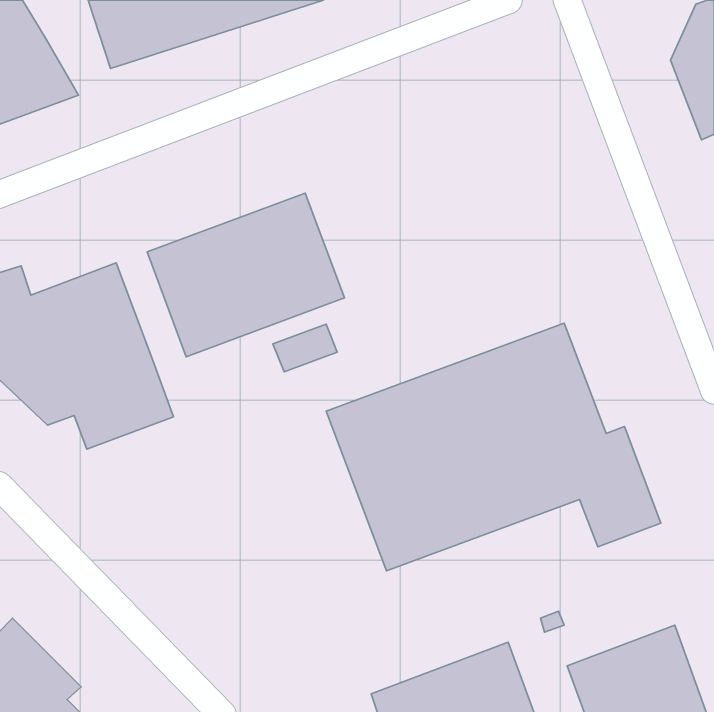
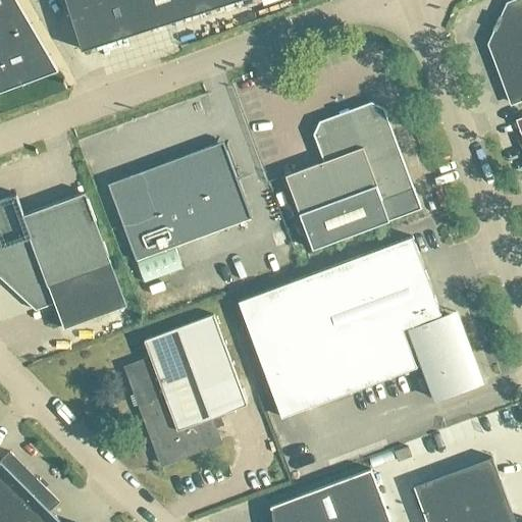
building: none -> [284,103,421,250]
building: [273,324,337,372] -> [136,249,182,283]
building: none -> [124,316,246,465]

